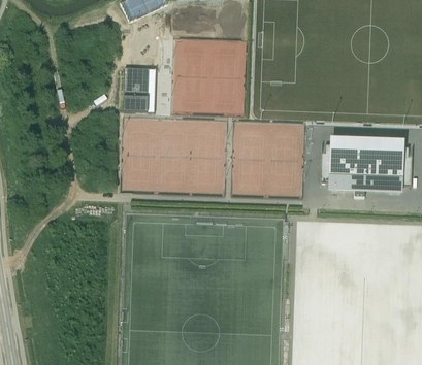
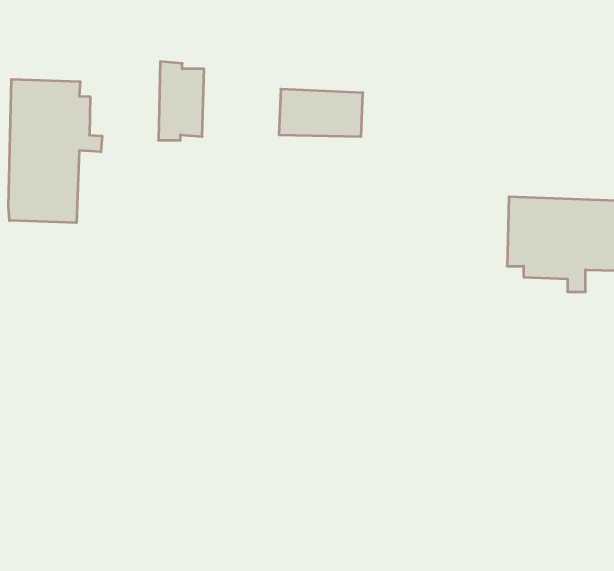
building: none -> [8,79,102,223]

